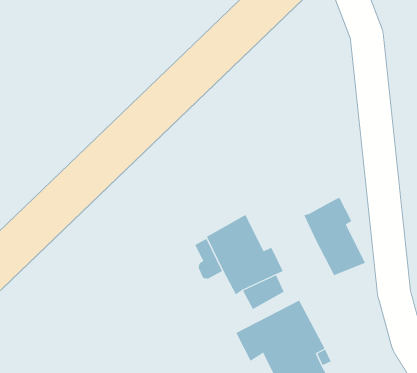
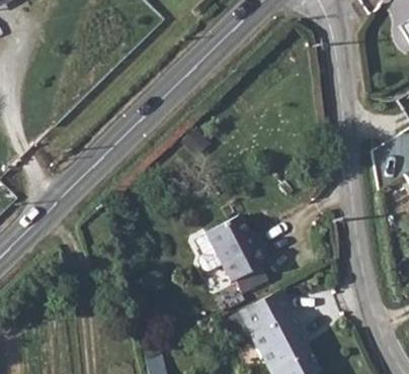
building: [303,197,366,276] -> none

